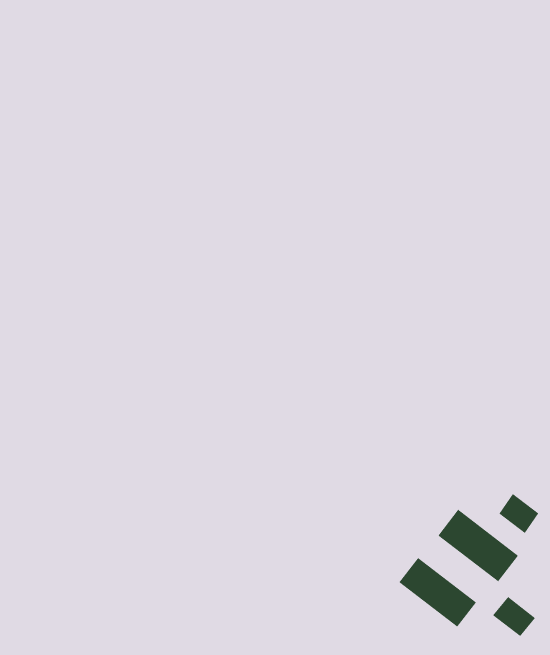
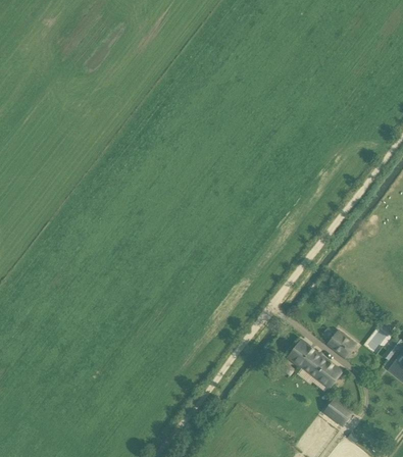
building: [399,557,477,627] -> none

